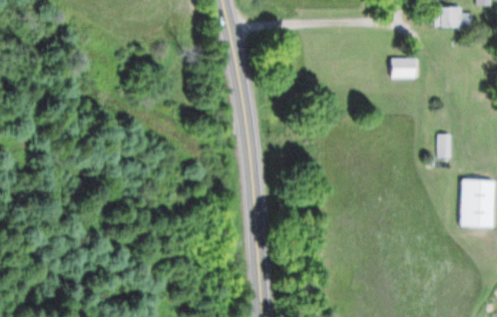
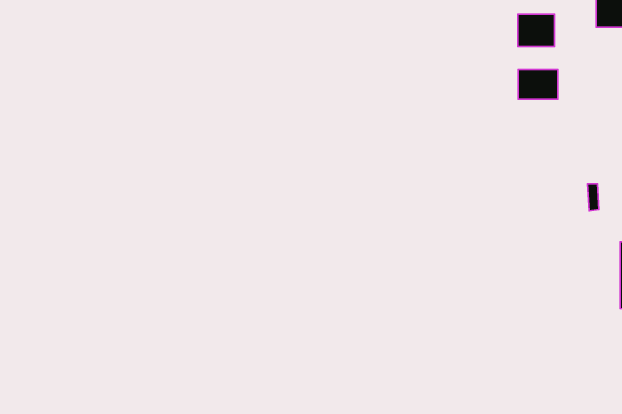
building: none -> [518,14,554,46]

